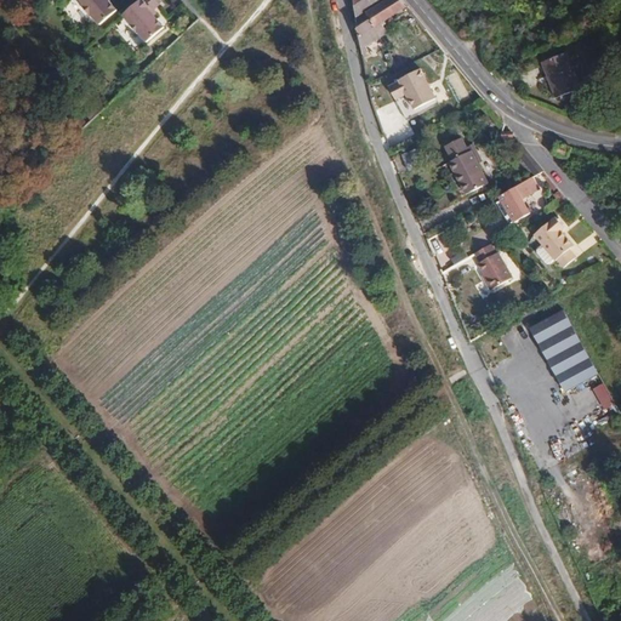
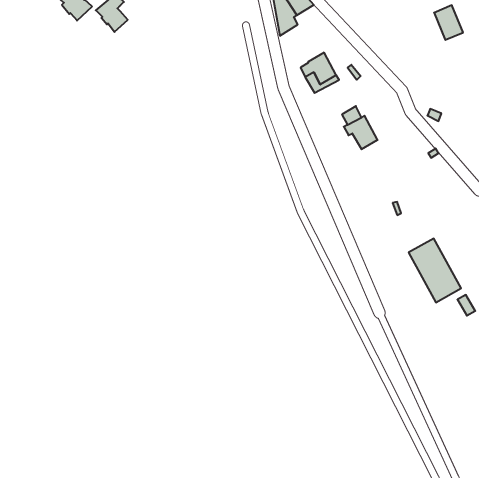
building: [542,49,580,93] -> [434,5,463,40]
building: [496,176,536,223] -> none
building: [530,217,571,268] -> none
building: [473,244,509,290] -> none

